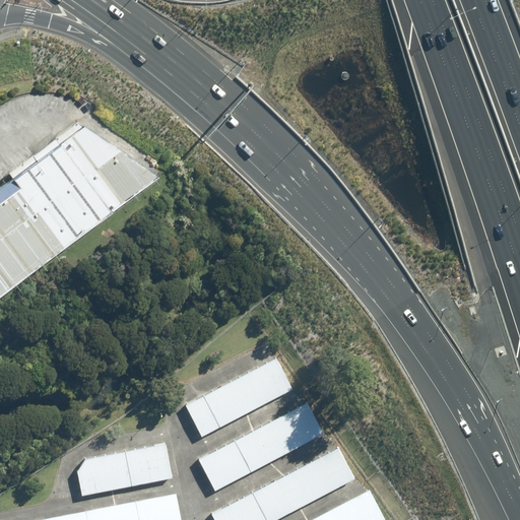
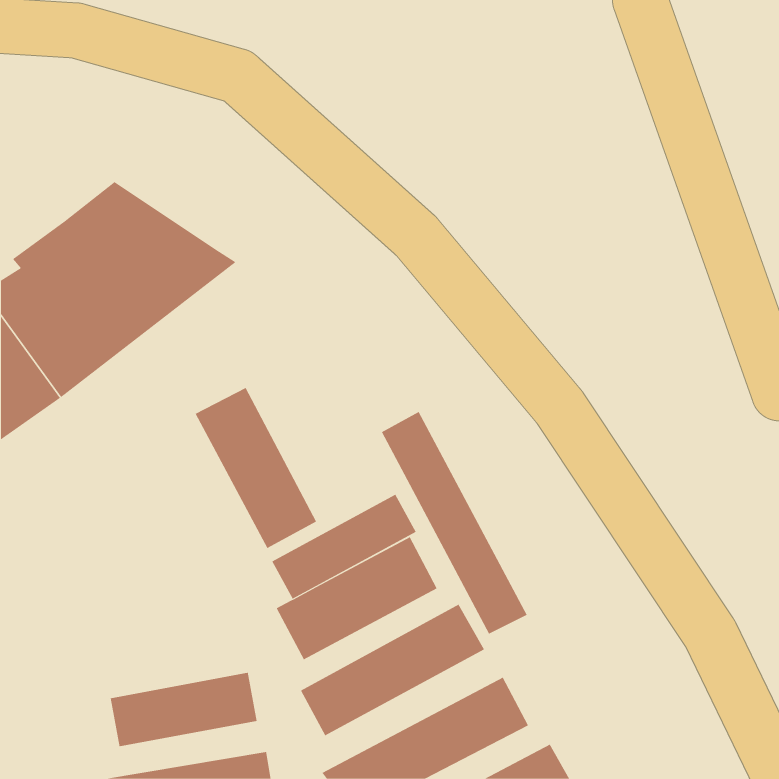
building: none -> [195,387,317,549]
building: none -> [381,411,528,634]
building: none -> [272,494,416,599]

